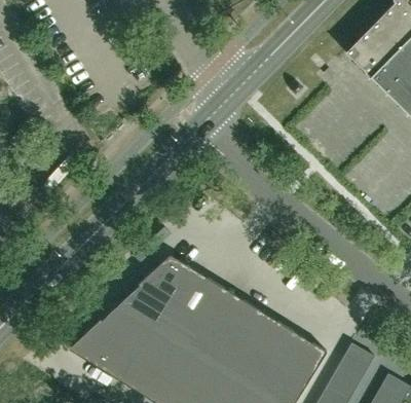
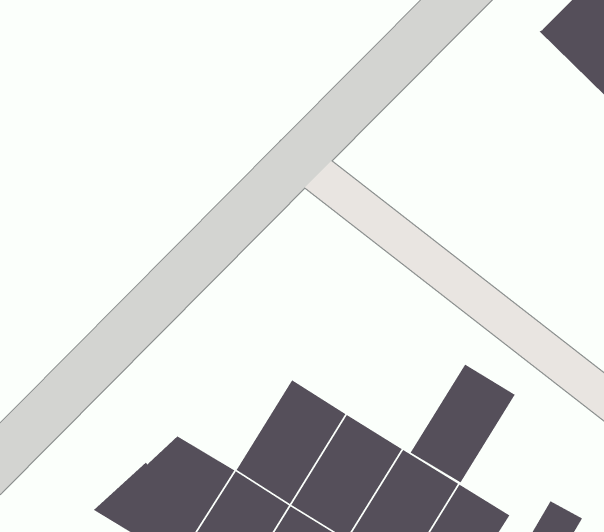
building: [121,255,192,325] -> none
building: none -> [409,364,516,484]

